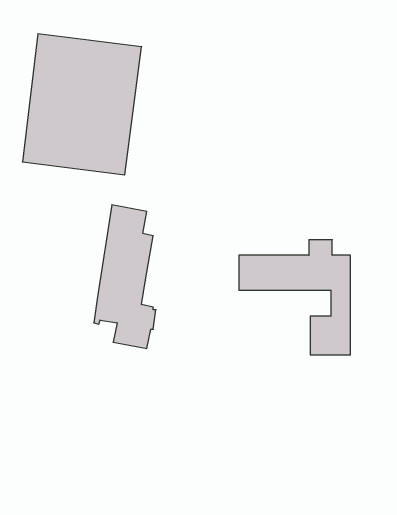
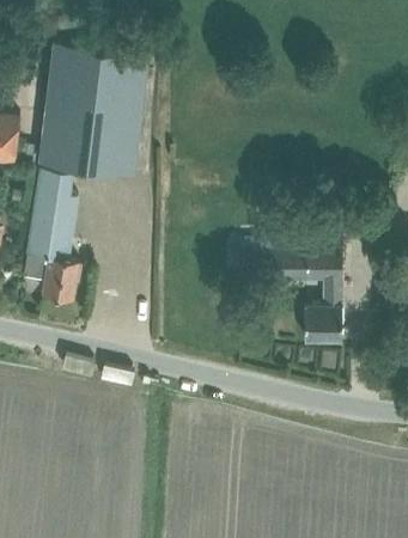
building: [94,205,156,349] -> [23,169,80,301]

